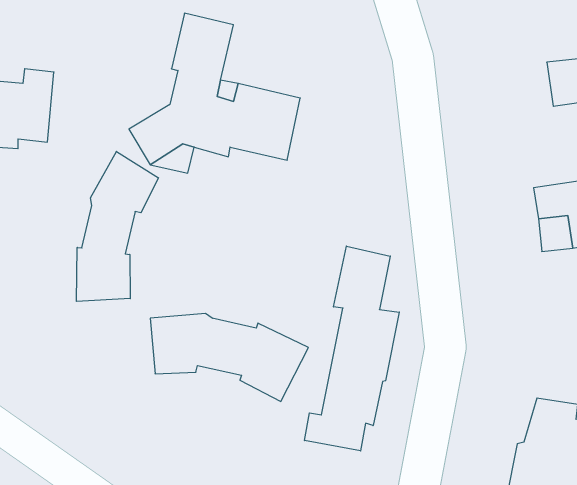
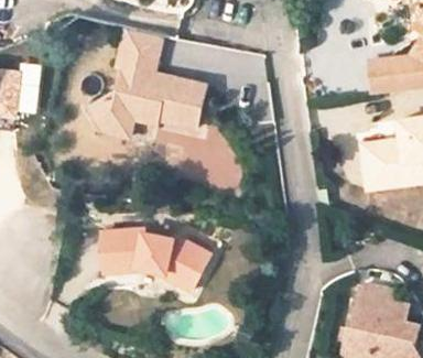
building: [76,151,158,301] -> none
building: [305,246,399,451] -> none

